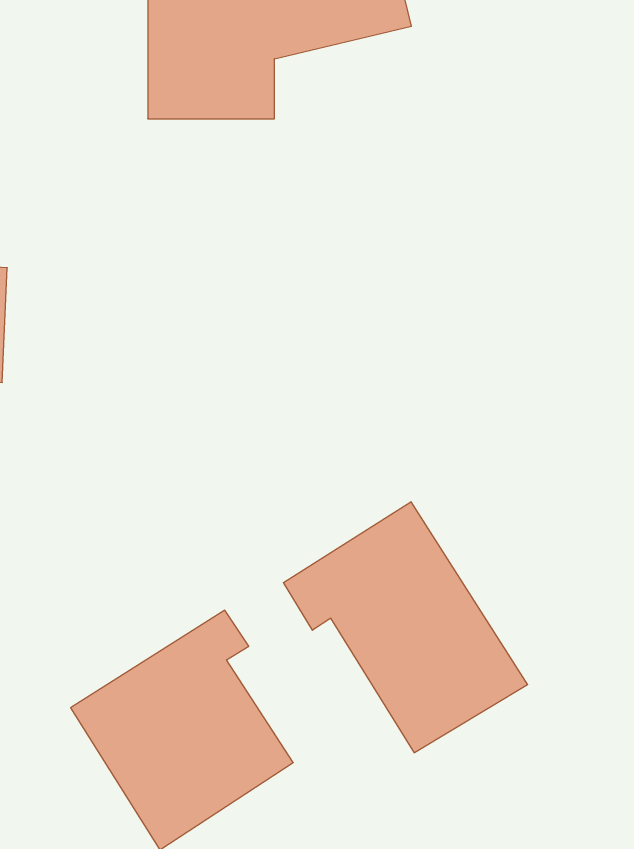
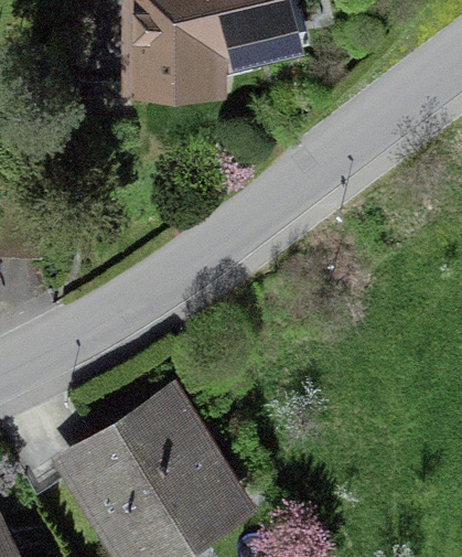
building: [283,502,528,753] -> none

